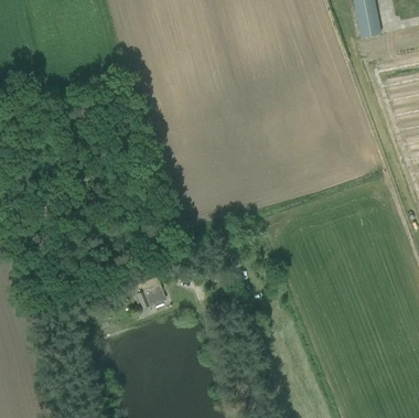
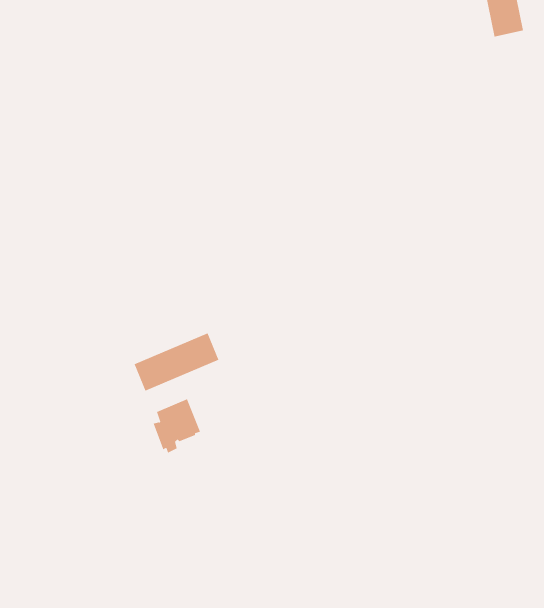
building: none -> [134,332,219,392]

